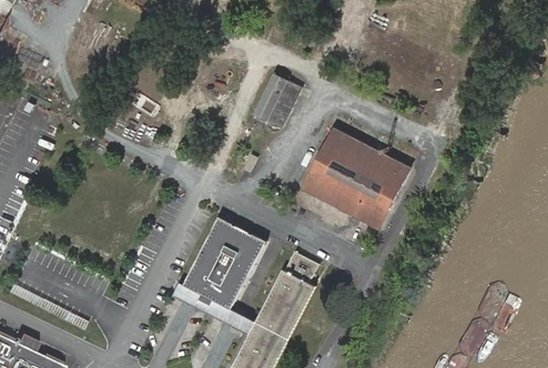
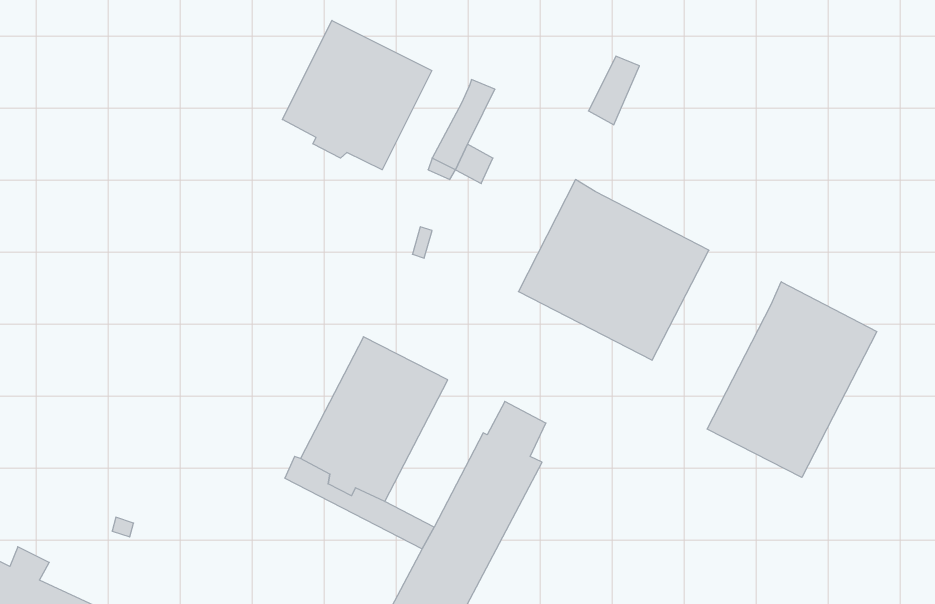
building: none -> [282,20,432,170]
building: [274,75,303,114] -> [588,56,639,125]
building: none -> [707,282,877,477]

